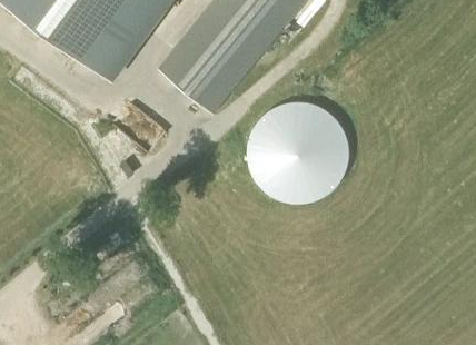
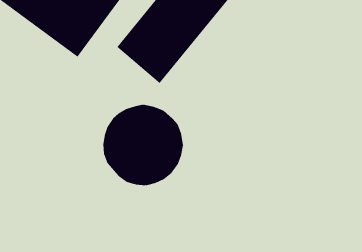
building: [246,102,348,205] -> [102,104,184,186]

